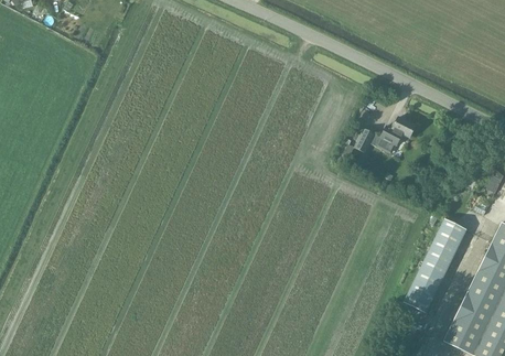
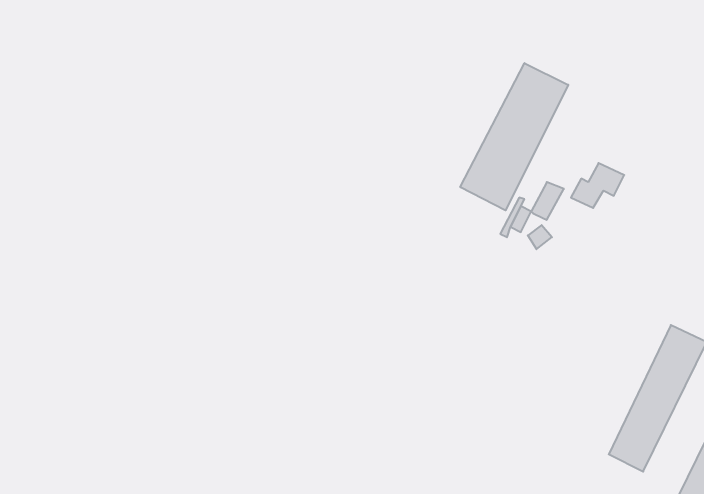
building: none -> [460,63,568,210]

